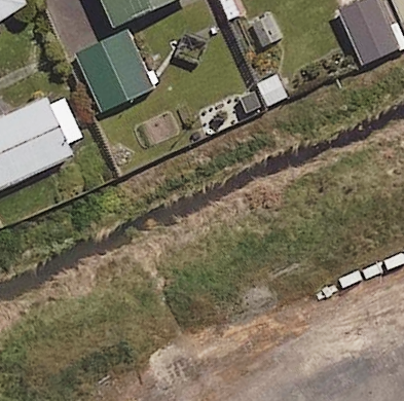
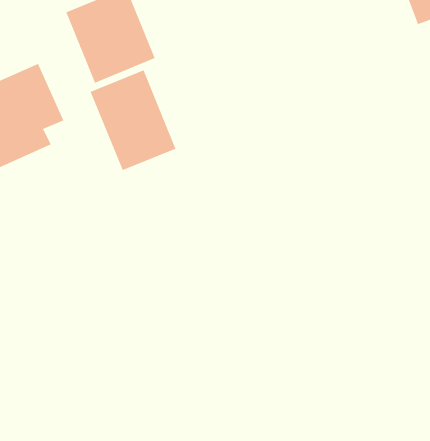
building: none -> [90,70,176,171]

